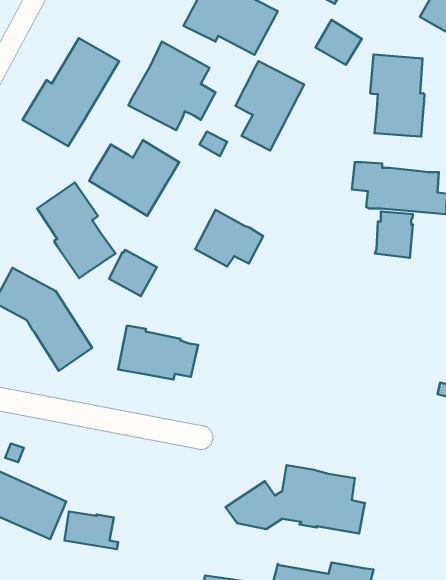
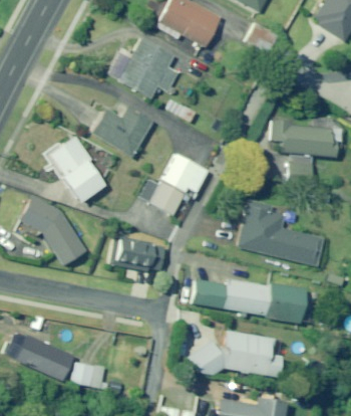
building: [23,38,119,146] -> none
building: [370,54,424,137] -> none
building: [236,61,304,151] -> none
building: [109,250,157,296] -> [149,183,183,215]
building: none -> [238,200,323,266]
building: none -> [193,277,309,323]

